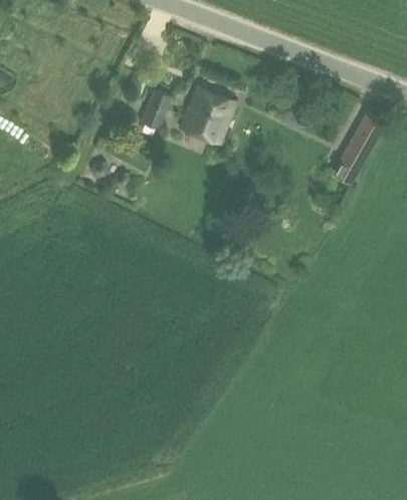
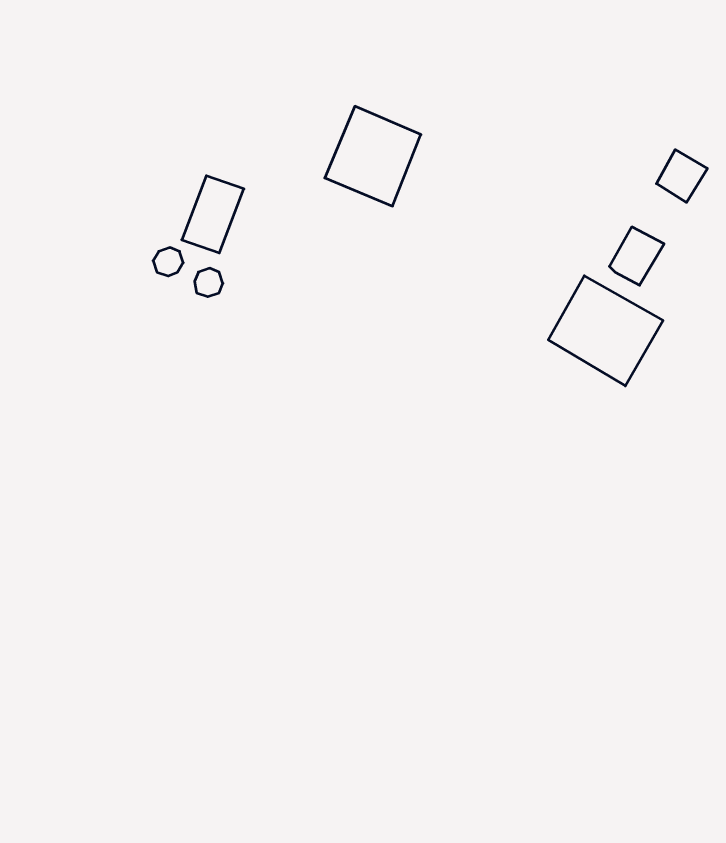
building: [139,88,172,130] -> [182,176,244,253]
building: none -> [548,276,663,386]

